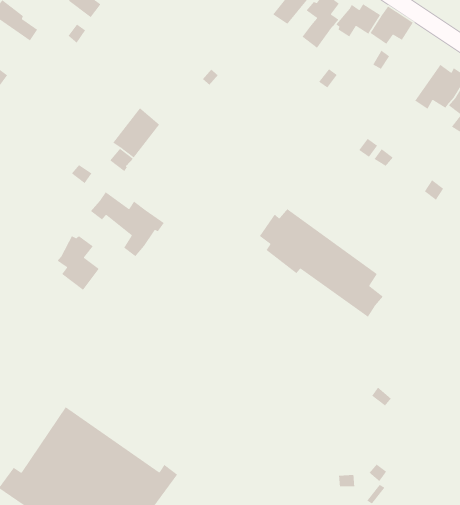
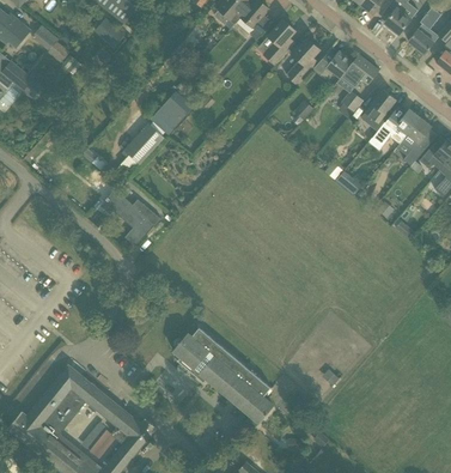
building: none -> [361,89,396,131]
building: none -> [151,91,194,134]
building: [259,208,384,318] -> [175,327,274,423]
building: [56,235,99,291] -> none

